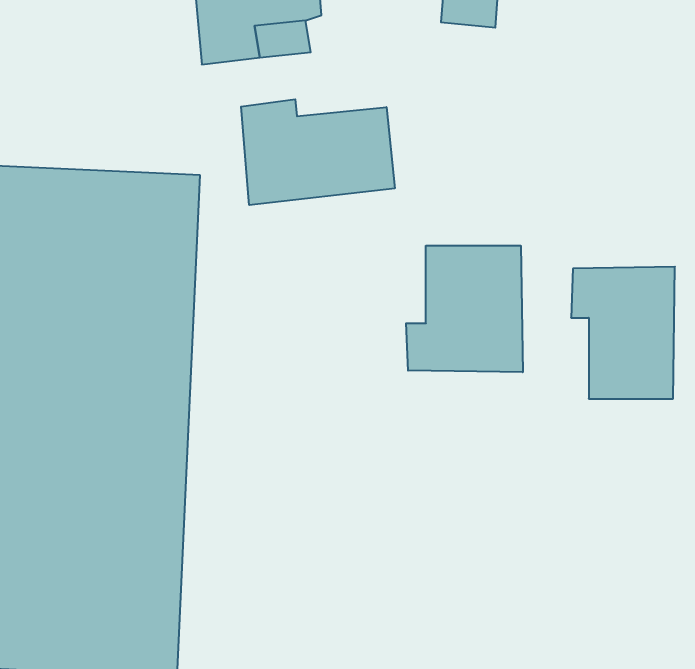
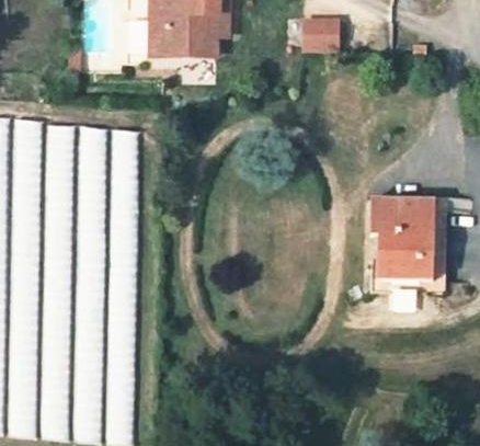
building: [241,99,395,205] -> none
building: [406,246,523,372] -> none

